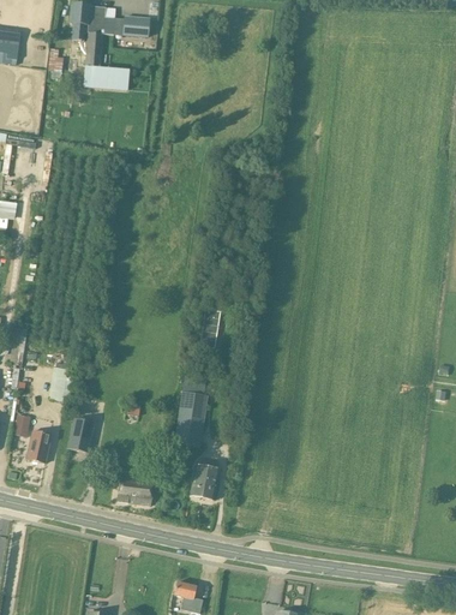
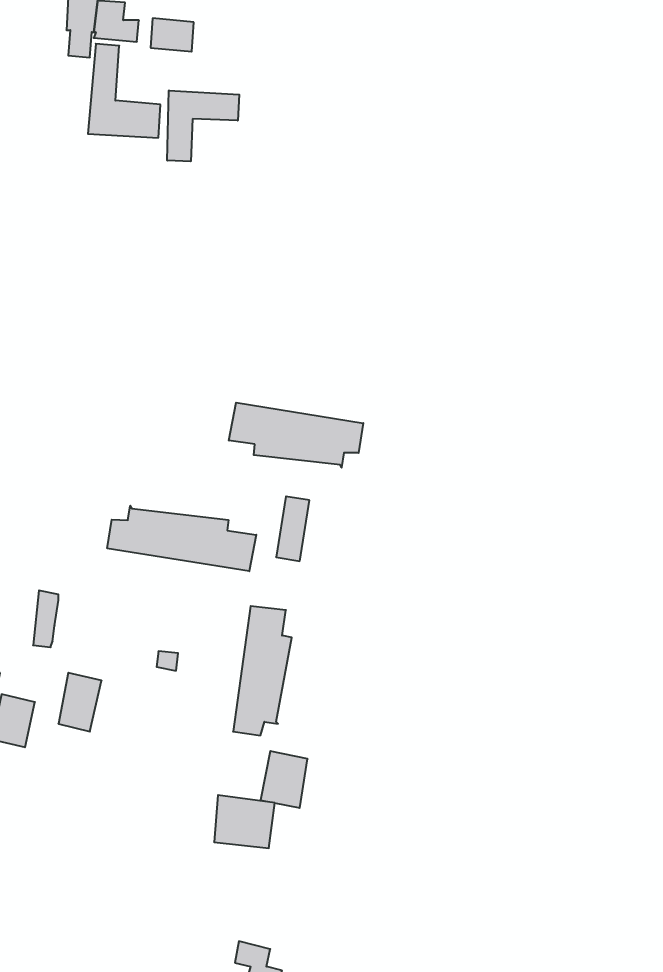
building: none -> [167,90,239,161]
building: none -> [229,403,363,468]
building: none -> [107,506,256,571]
building: [118,472,155,504] -> [214,795,275,848]

